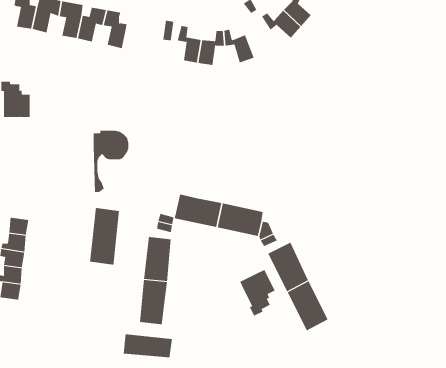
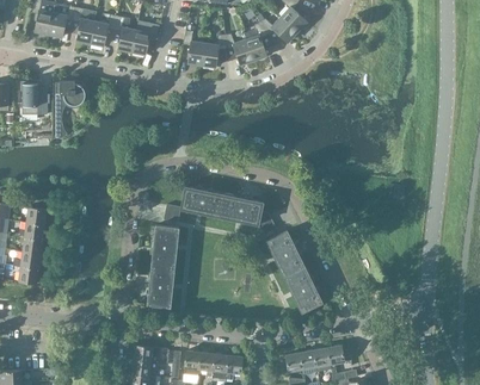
building: none -> [133,20,160,54]
building: none -> [245,21,269,60]
building: [93,130,129,192] -> [55,80,88,137]
building: [90,207,120,265] -> none
building: [239,269,275,317] -> none
building: [123,334,173,358] -> none

